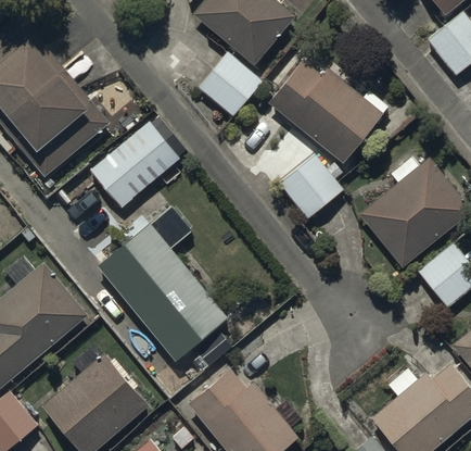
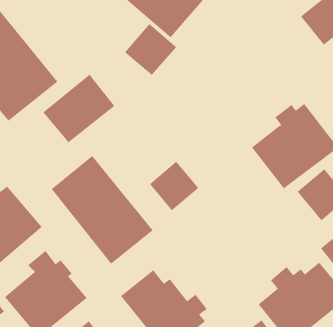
building: [267,58,386,162] -> none
building: [279,154,344,220] -> [149,161,199,211]

